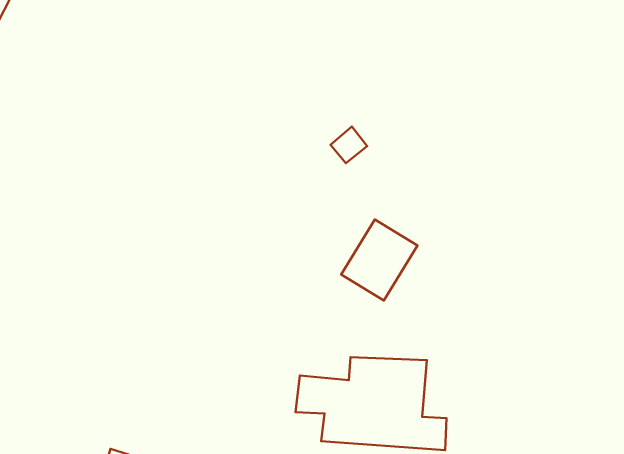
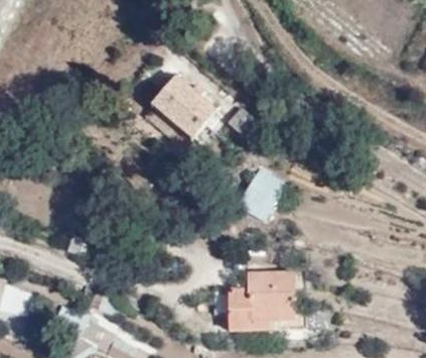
building: none -> [151,83,223,151]

